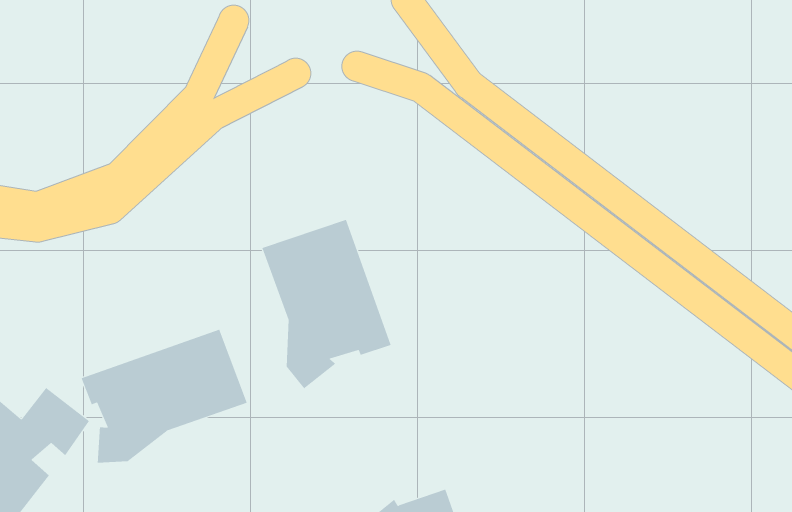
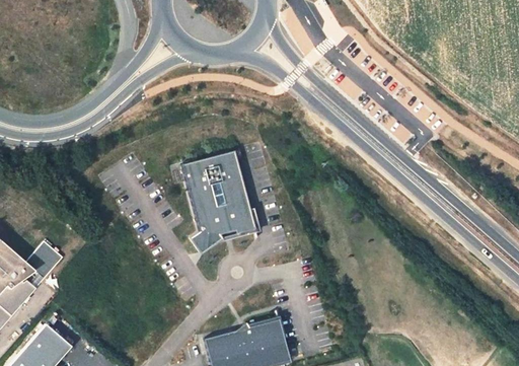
building: [81,329,247,464] -> none

